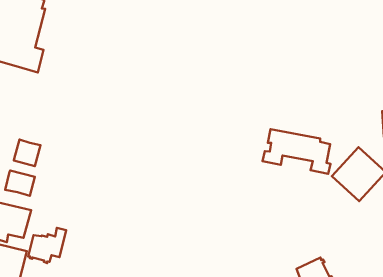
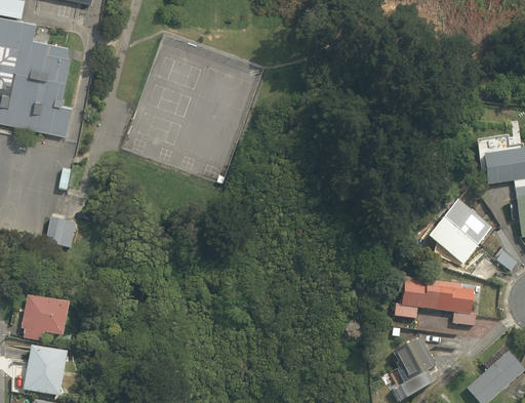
building: [262,129,331,174] -> [393,277,475,326]
building: [5,171,35,196] -> none
building: [28,228,66,263] -> none

